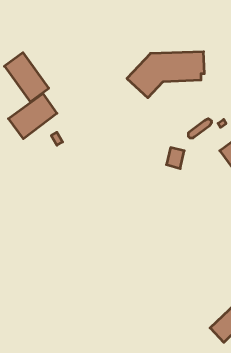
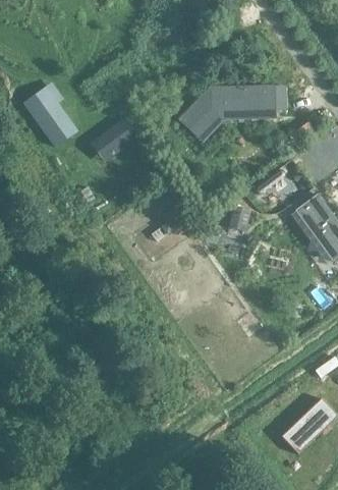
building: none -> [99,118,135,153]
building: [8,94,57,139] -> none

